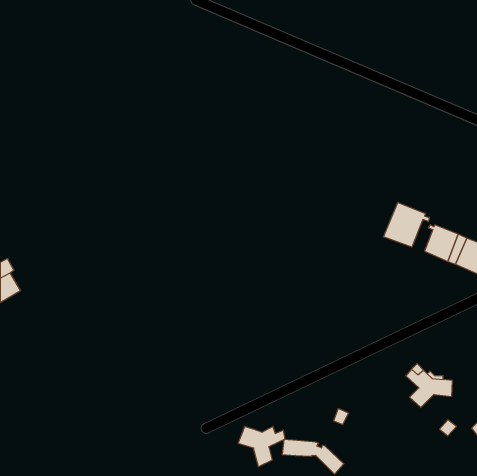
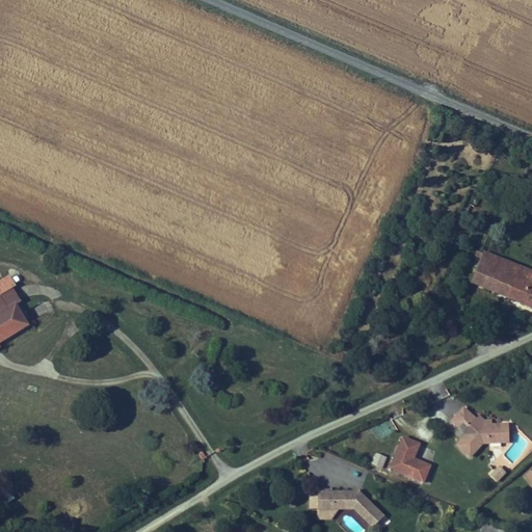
building: [383,202,429,247] -> none
building: none -> [391,435,429,482]
building: [238,426,285,467] -> none

